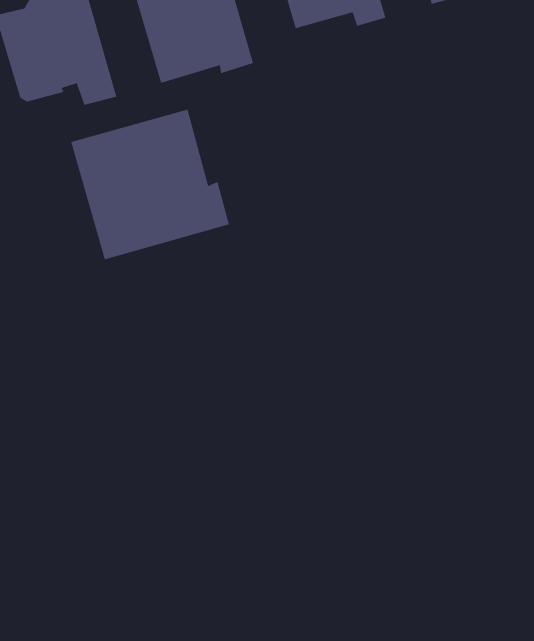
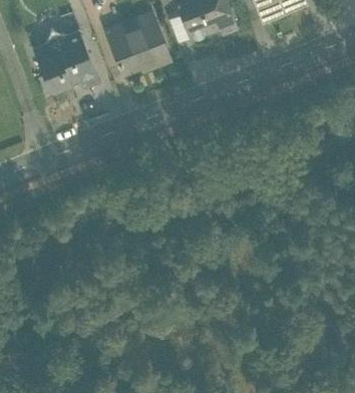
building: [71,109,229,260] -> none

